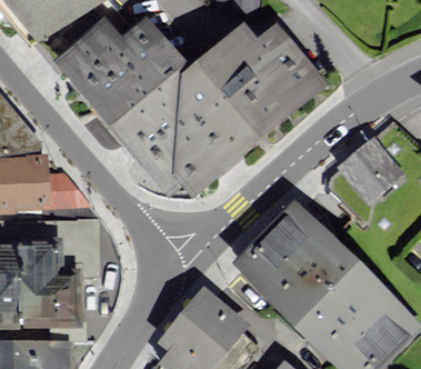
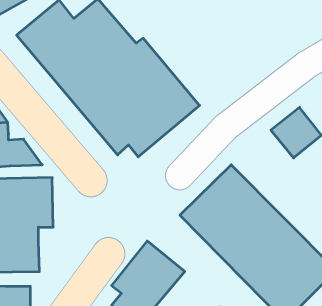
building: [197,26,322,138] -> none

